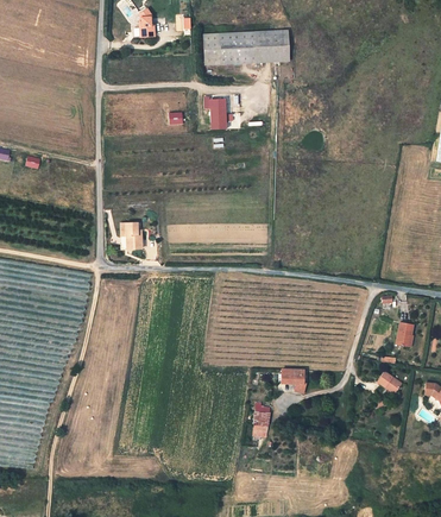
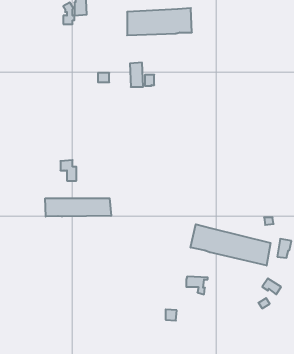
building: none -> [45,198,111,217]
building: none -> [191,224,271,266]

